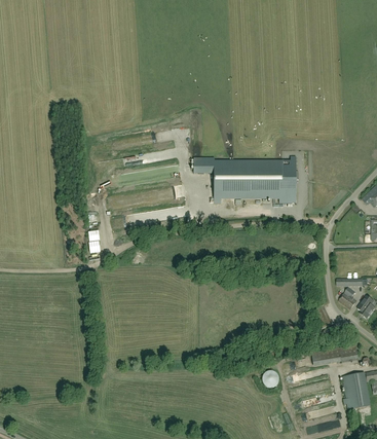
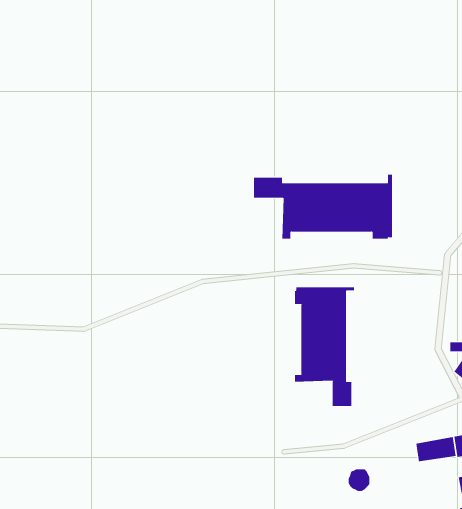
building: none -> [294,286,354,407]

